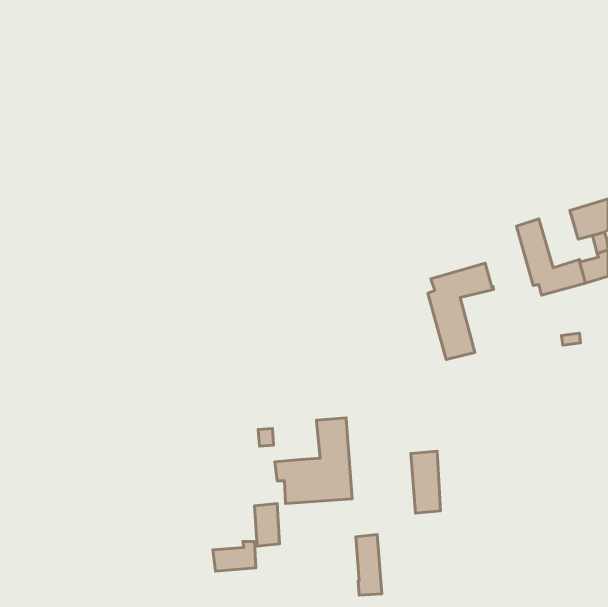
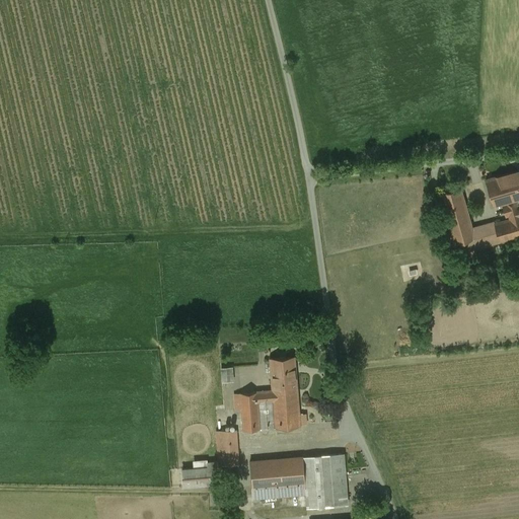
building: [428,263,493,359] -> none
building: [411,451,441,513] -> [321,454,347,507]
building: none -> [249,458,306,500]

